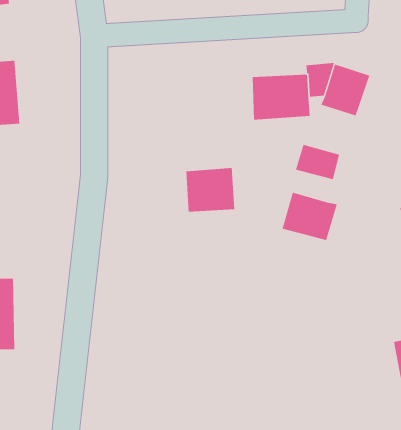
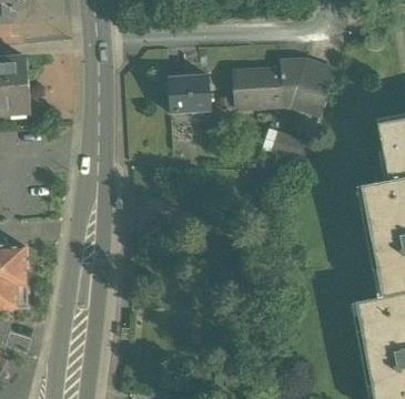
building: [185,167,235,212] -> [168,74,211,113]
building: [282,192,337,241] -> none

